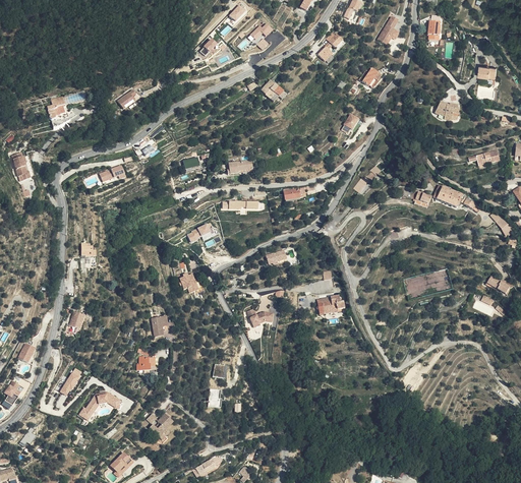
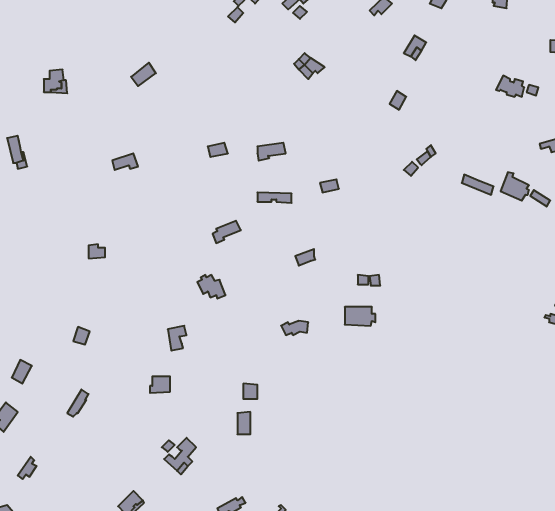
building: [81,393,123,418] -> none

